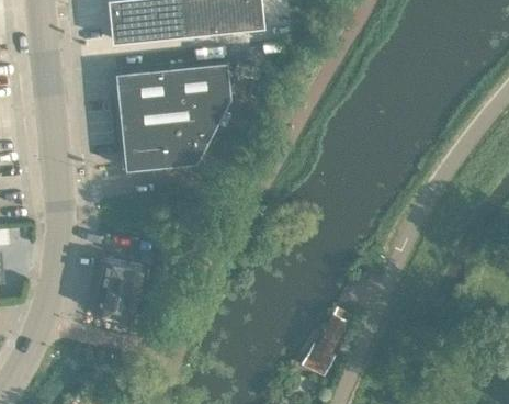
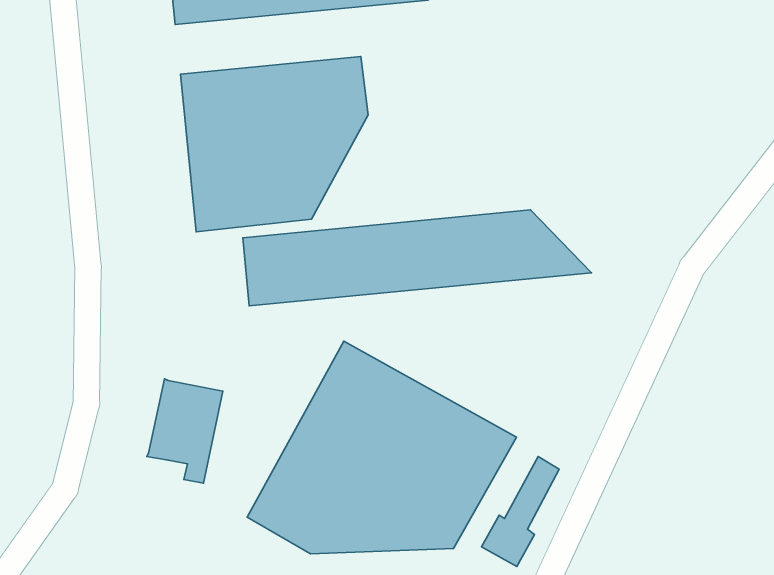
building: none -> [243,210,591,306]
building: none -> [247,341,516,554]

